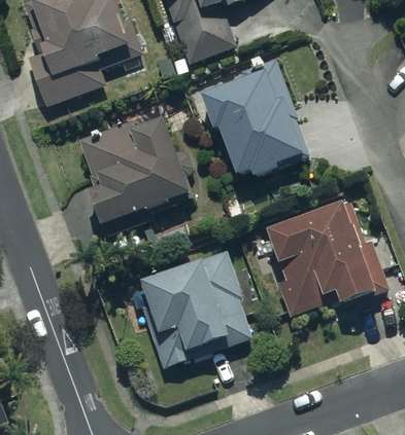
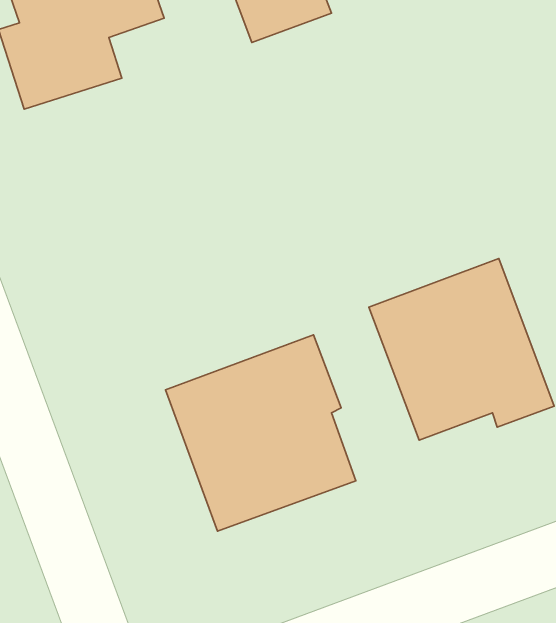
building: [200,63,307,177] -> none
building: [79,113,196,222] -> none

